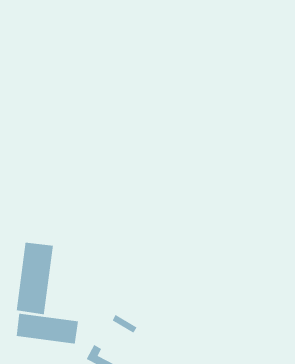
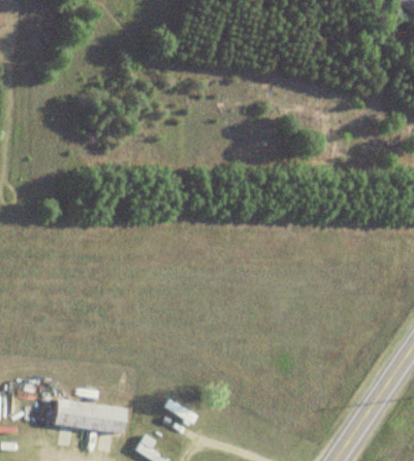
building: [16,242,54,315] -> none

